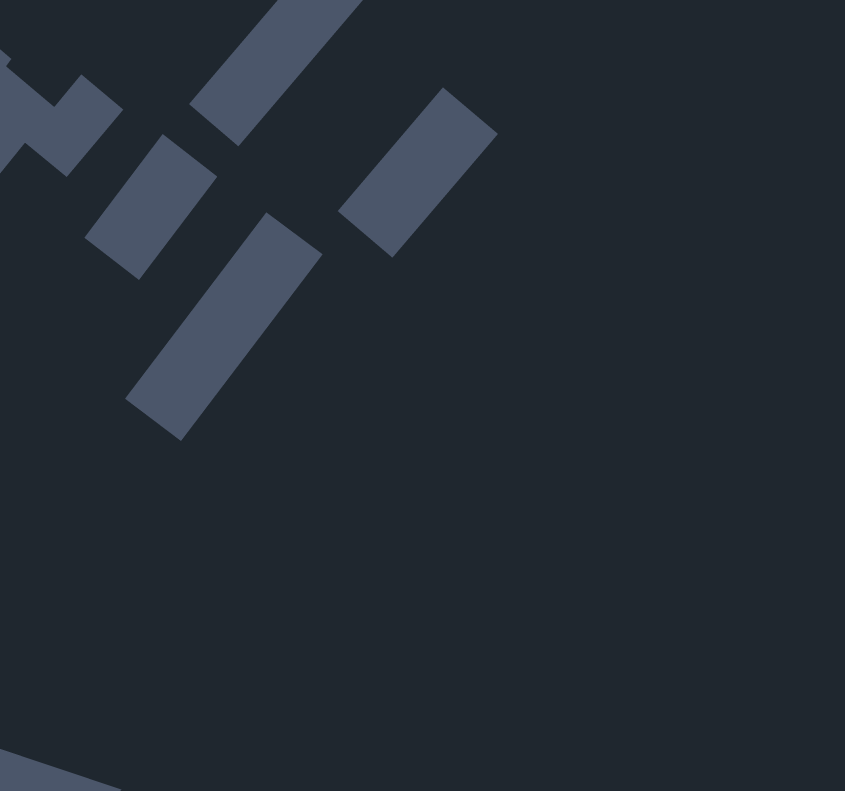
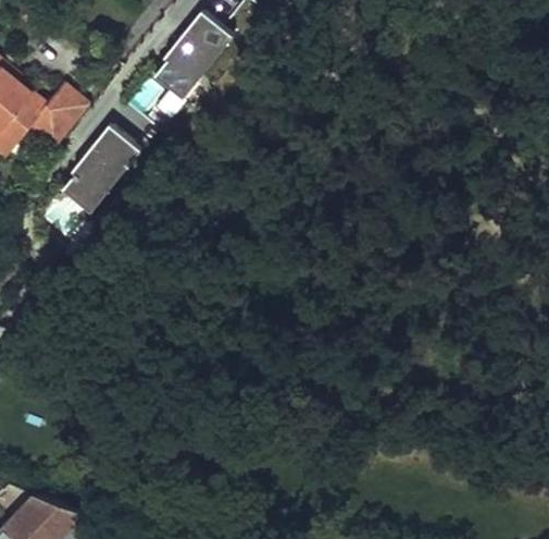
building: [336,86,499,259] -> none
building: [124,211,324,442] -> none

